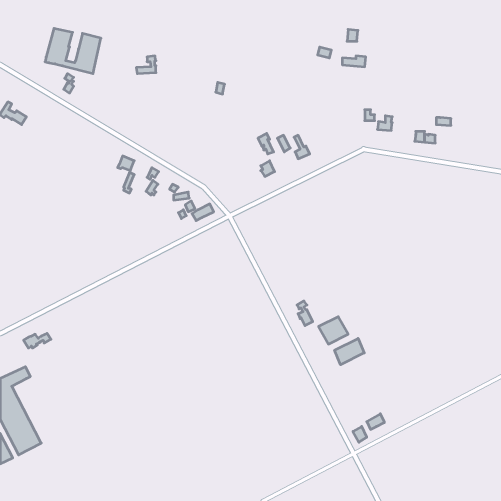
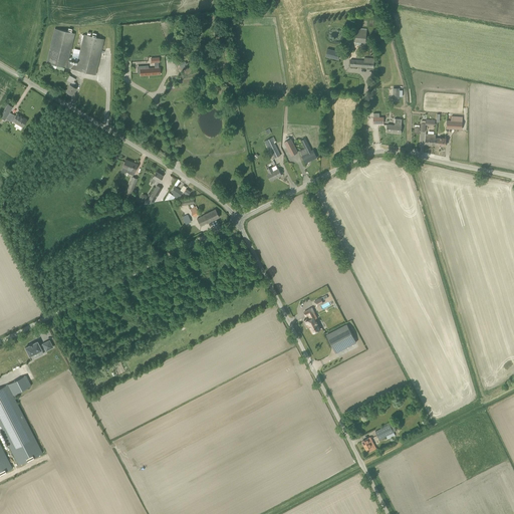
building: [335,338,364,365] -> none

